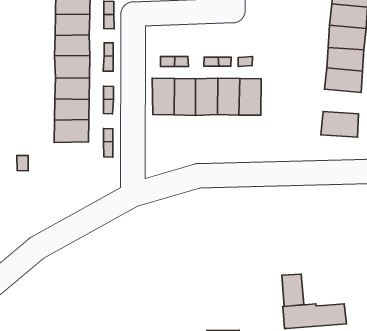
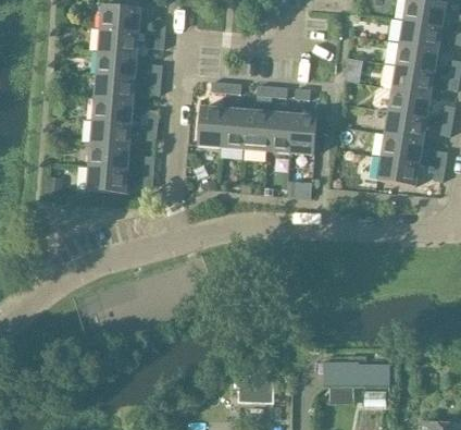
building: none -> [382,131,424,160]
building: none -> [88,165,126,193]
building: [282,274,304,306] -> none

